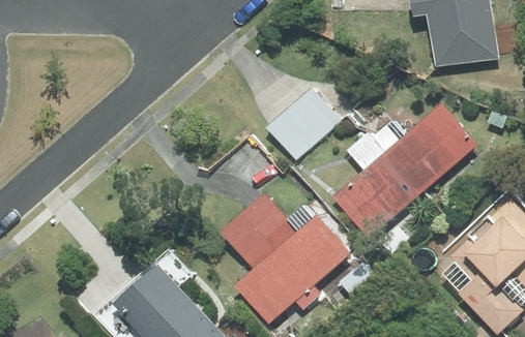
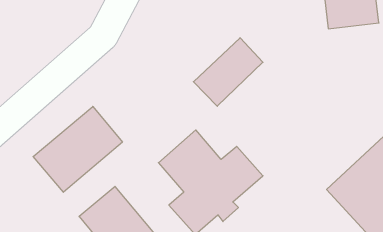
building: [327,100,477,243] -> none
building: none -> [33,106,122,192]

